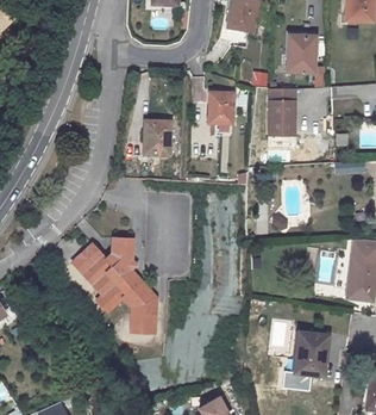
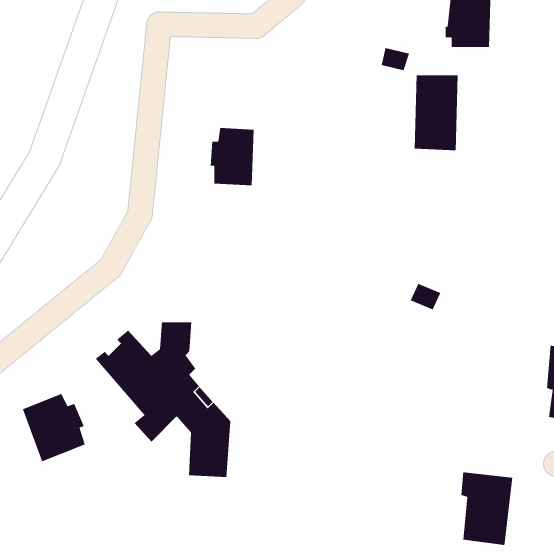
building: [207,91,234,136] -> none
building: none -> [22,393,86,462]

